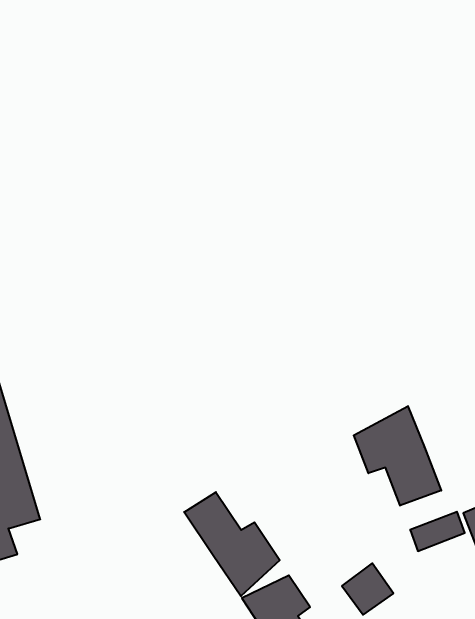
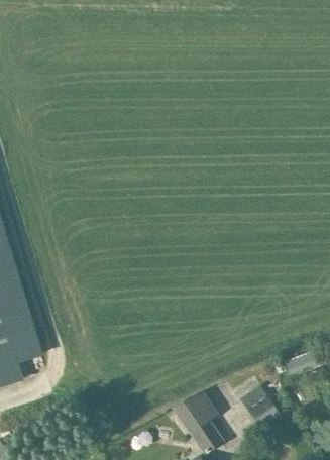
building: [354,406,441,506] -> none
building: [184,492,280,596] -> none

